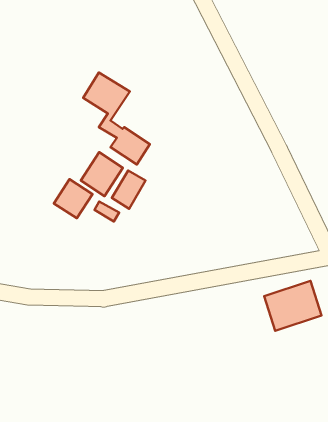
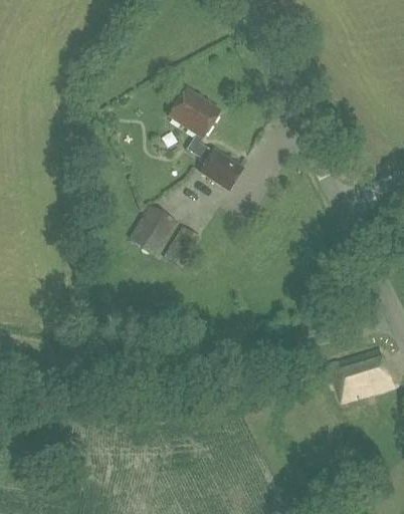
building: [83,72,150,164] -> [169,88,242,190]
building: [54,179,92,218] -> none

